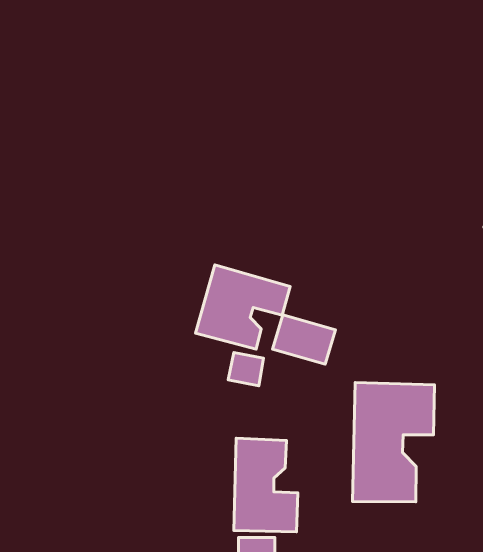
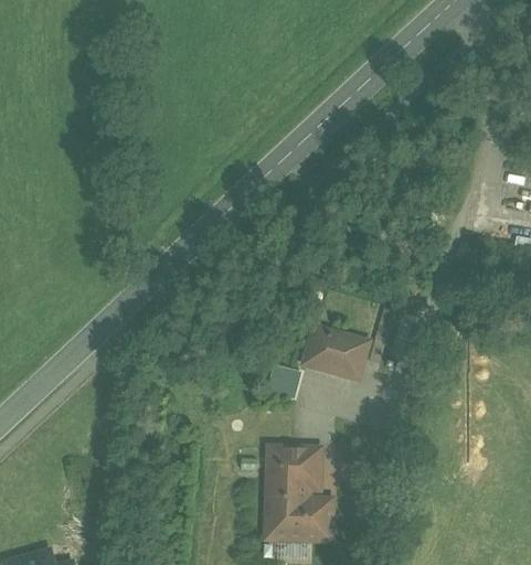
building: [195,265,290,349] -> none
building: [352,382,435,502] -> none

